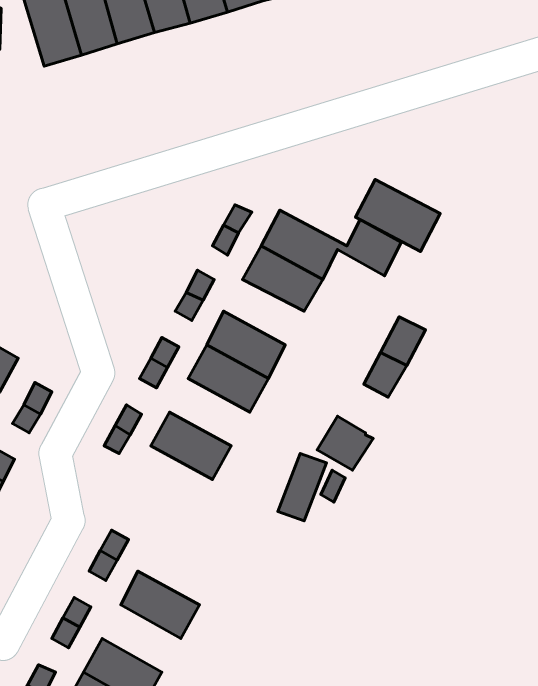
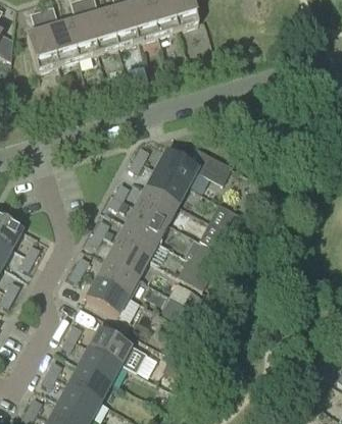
building: [356,179,440,251] -> none
building: none -> [135,187,179,222]
building: none -> [105,241,149,277]
building: none -> [85,277,129,315]
building: none -> [88,327,147,371]
building: none -> [68,364,111,401]

